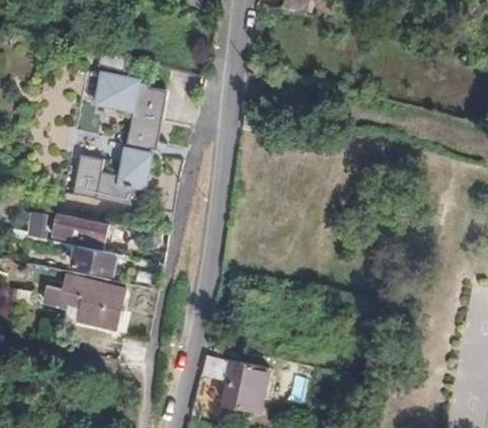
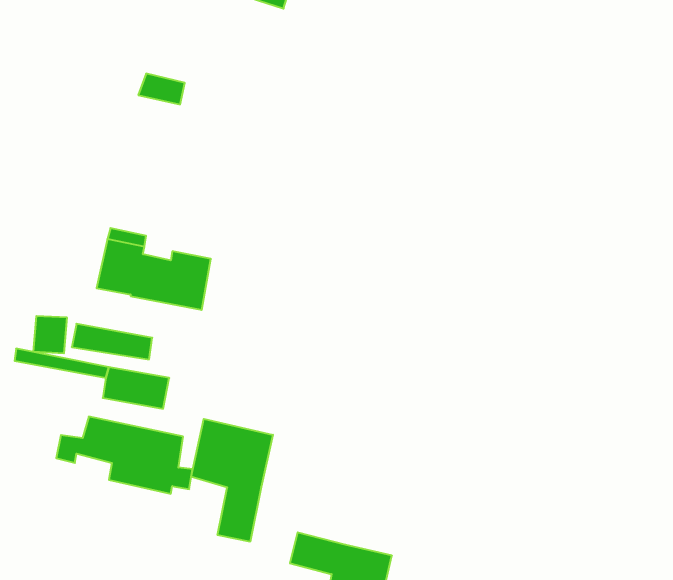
building: [95,72,166,173] -> none
building: none -> [191,419,273,542]

